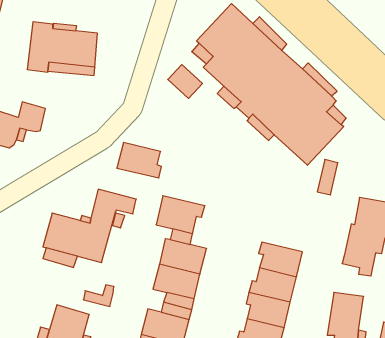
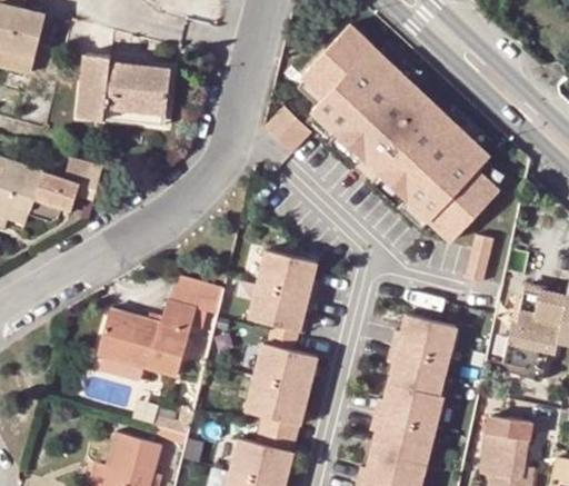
building: [117,143,161,178] -> [259,251,319,299]
building: none -> [392,315,456,361]

